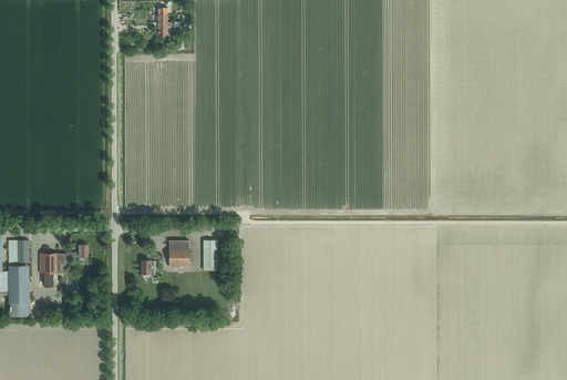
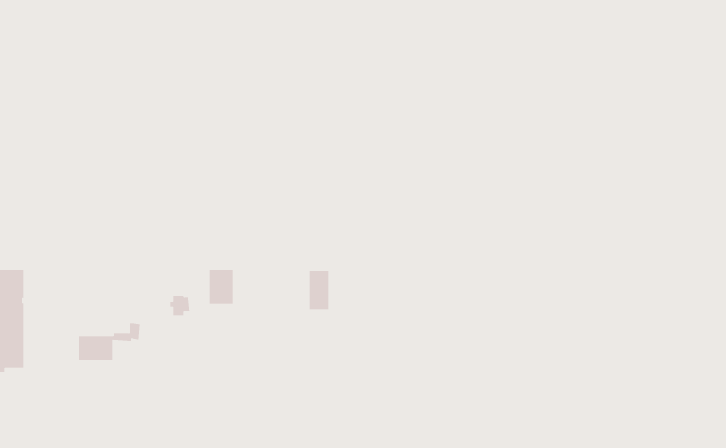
building: [202,240,217,270] -> [309,270,329,310]
building: [39,244,86,273] -> [78,323,141,361]

